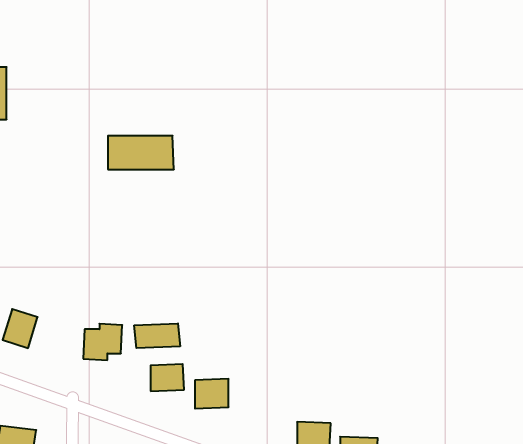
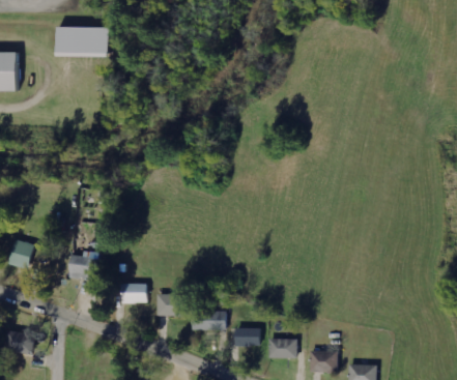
building: [108,136,174,169] -> [60,26,111,52]
building: [134,323,180,348] -> none
building: none -> [192,310,226,330]

